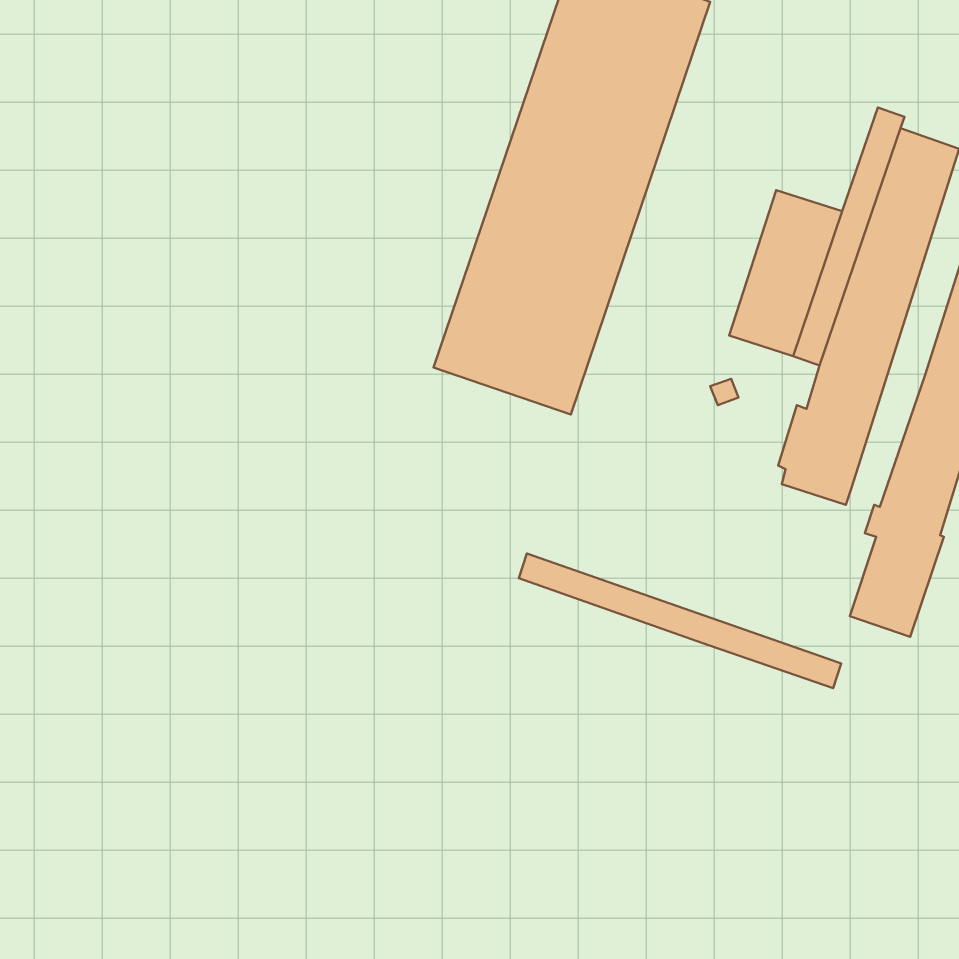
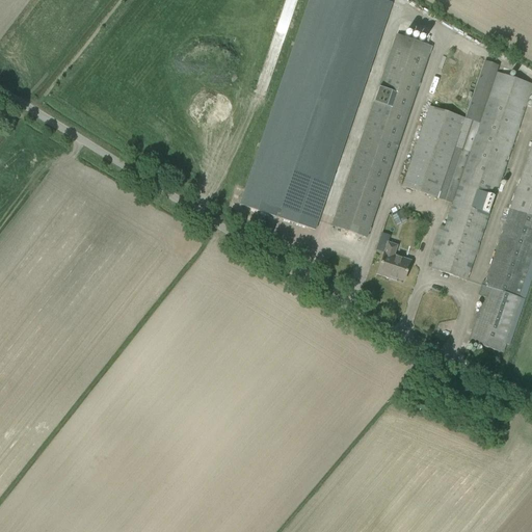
building: none -> [334,33,432,236]
building: none -> [379,240,413,280]
building: [519,553,841,688] -> none

